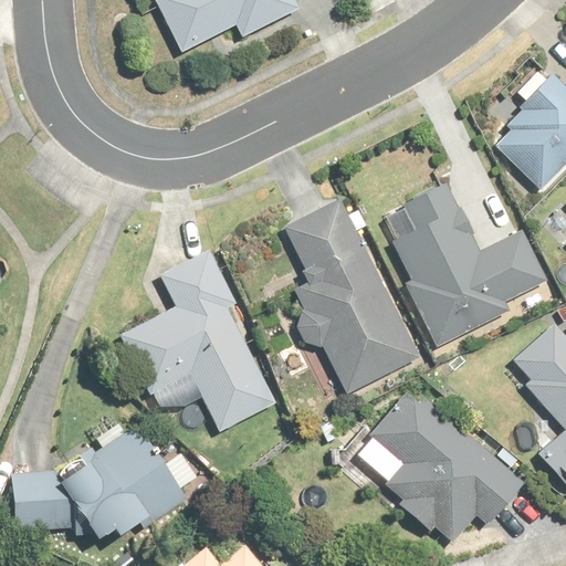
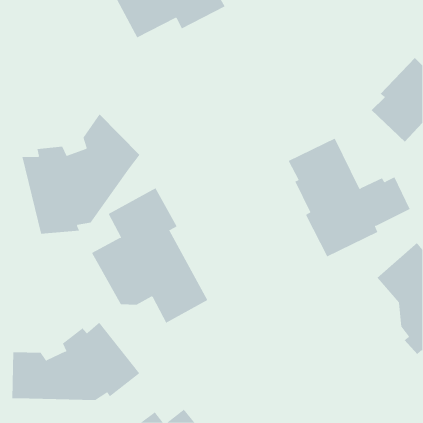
building: none -> [22,114,140,234]
building: [284,199,420,394] -> none
building: [343,387,525,541] -> none

